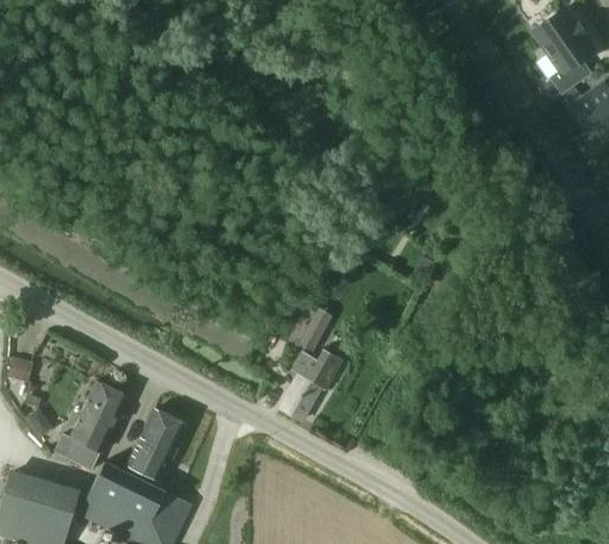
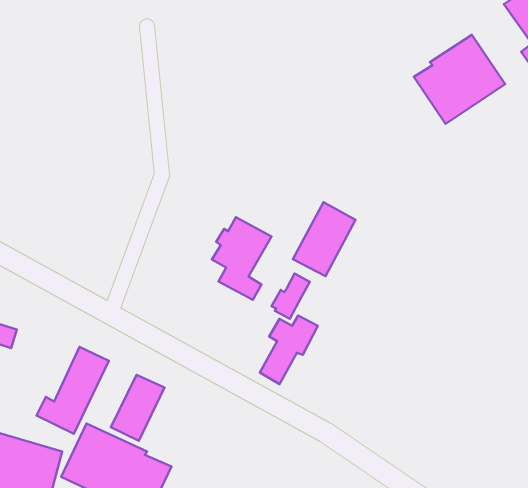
building: none -> [414,35,505,124]
building: none -> [293,202,355,276]
building: none -> [212,217,272,300]

